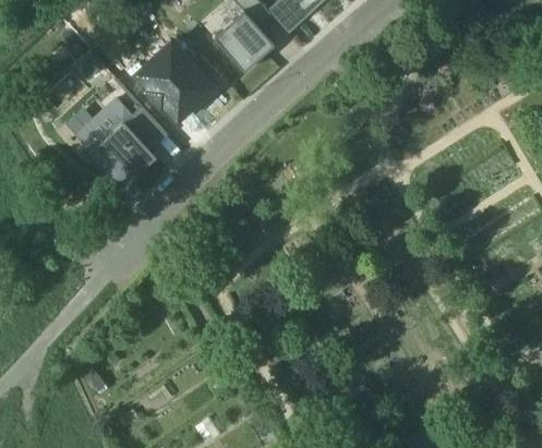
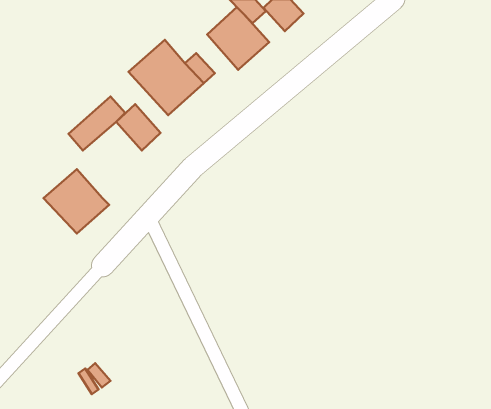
building: [91,122,155,185] -> [44,169,109,234]

